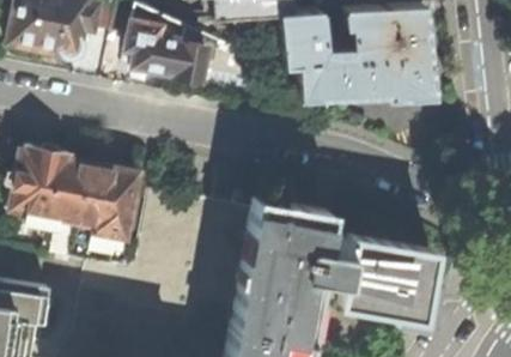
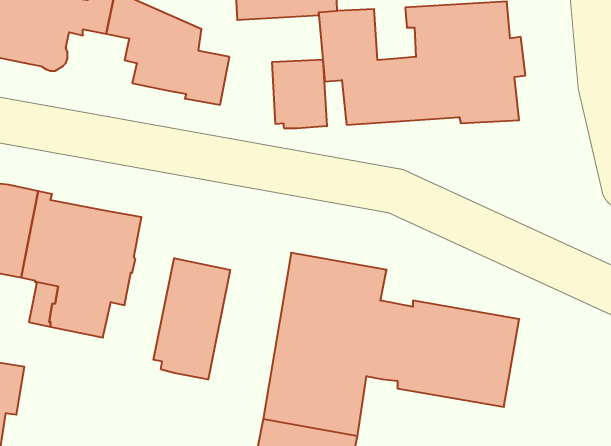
building: none -> [272,59,327,128]
building: none -> [153,258,230,380]

